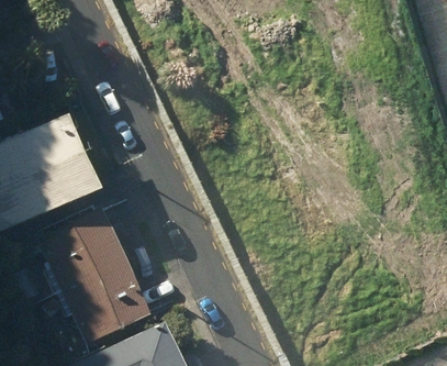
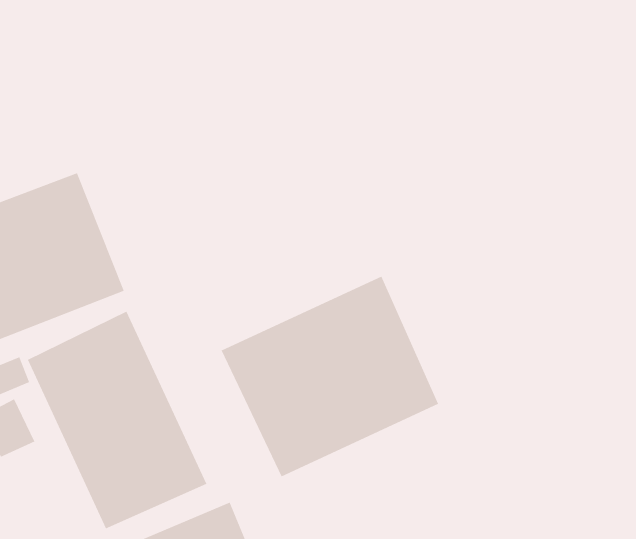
building: none -> [220,275,439,478]

